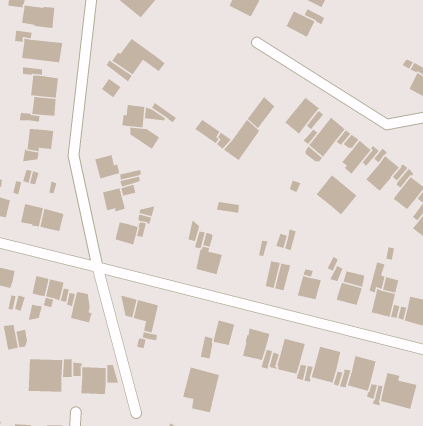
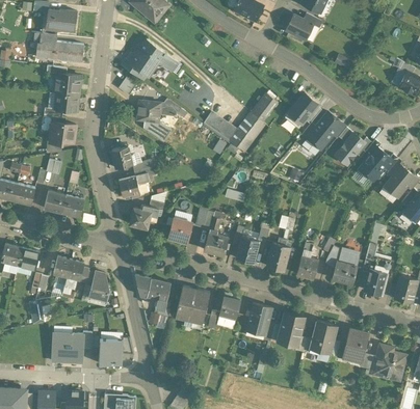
building: [315,174,358,216] -> none
building: none -> [167,213,191,245]
building: none -> [236,236,260,263]
building: [182,367,220,413] -> [176,285,210,328]

